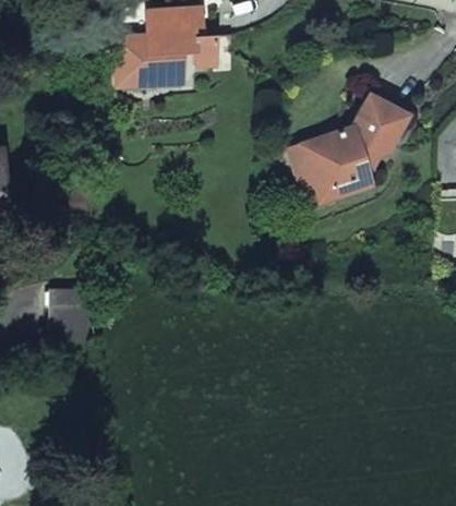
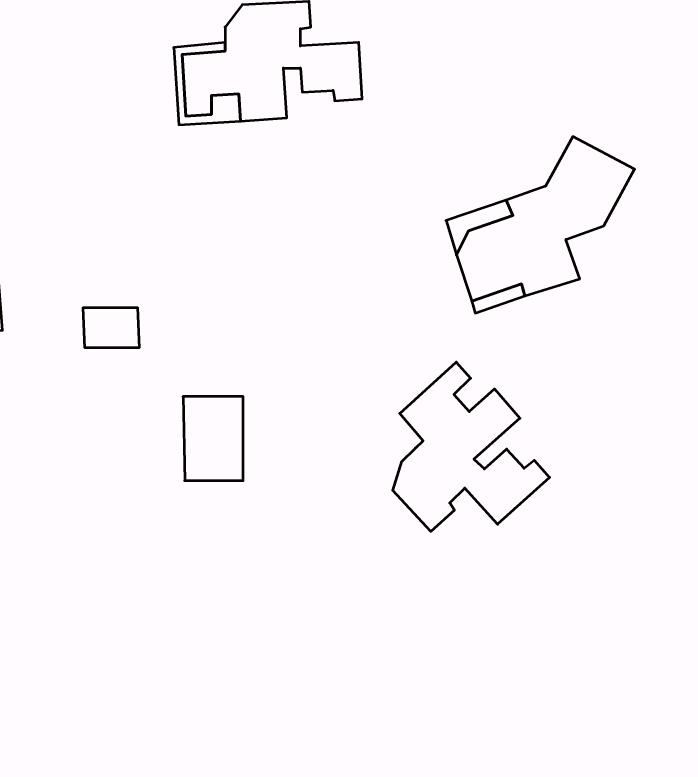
building: none -> [393,362,550,531]
building: [49,287,87,340] -> [183,397,243,481]

